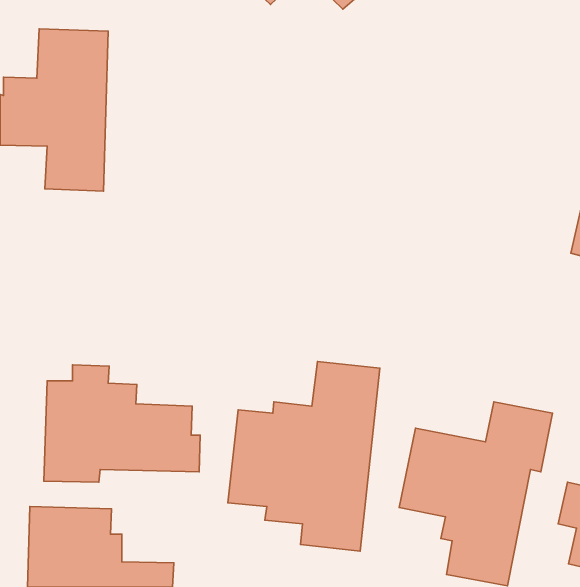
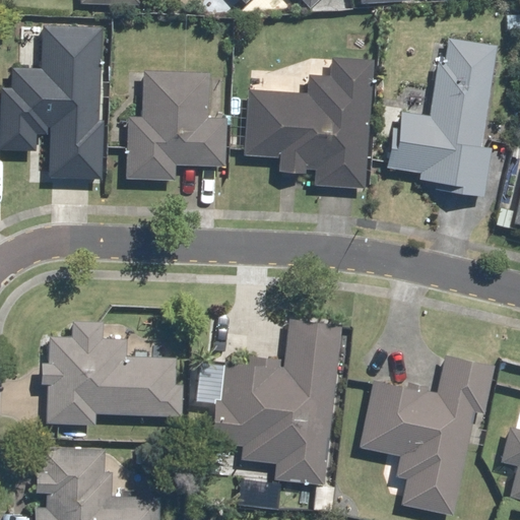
building: none -> [384,37,499,201]
building: none -> [243,56,374,189]
building: none -> [123,70,226,182]

